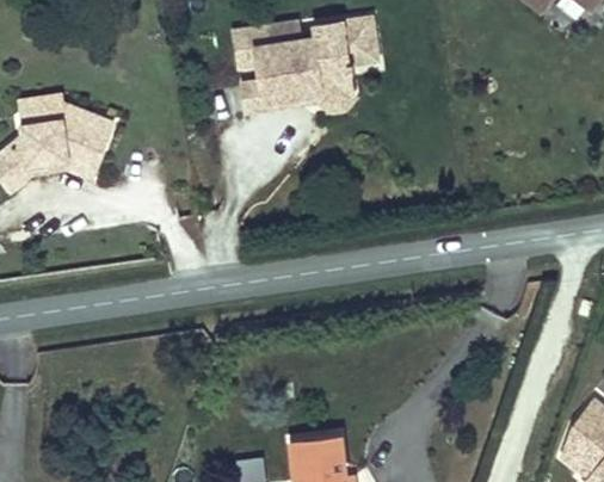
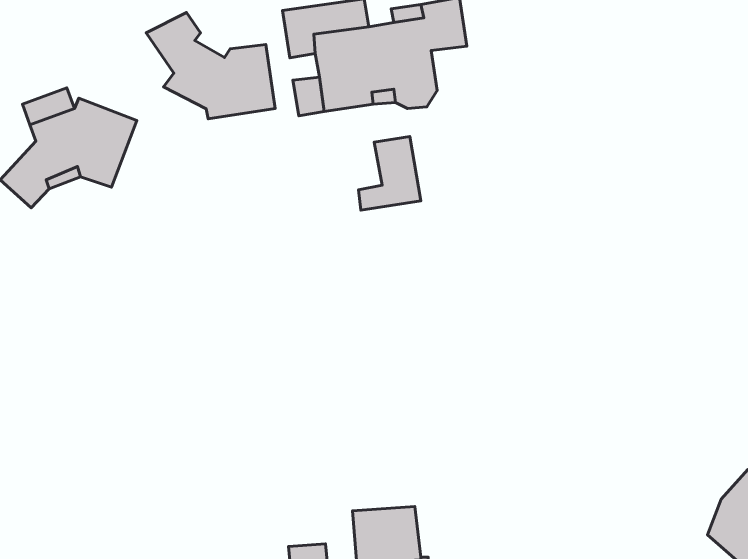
building: none -> [146,13,275,119]
building: none -> [358,137,421,210]

